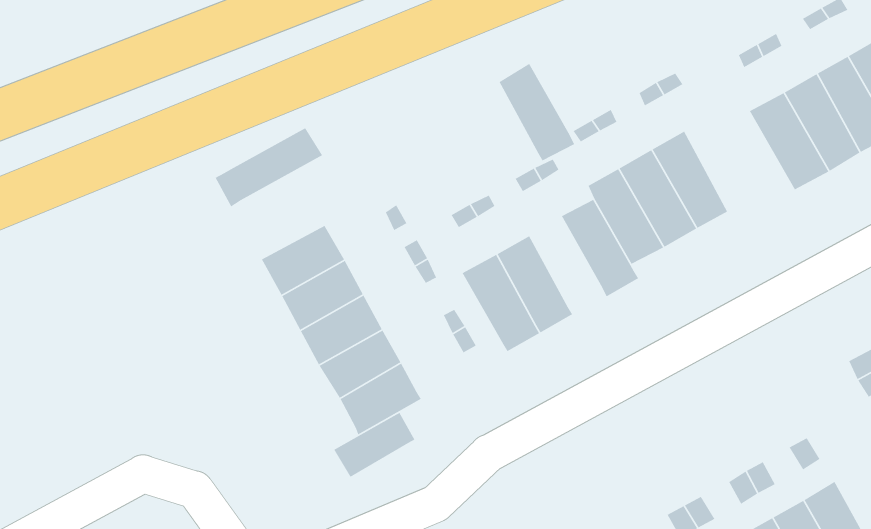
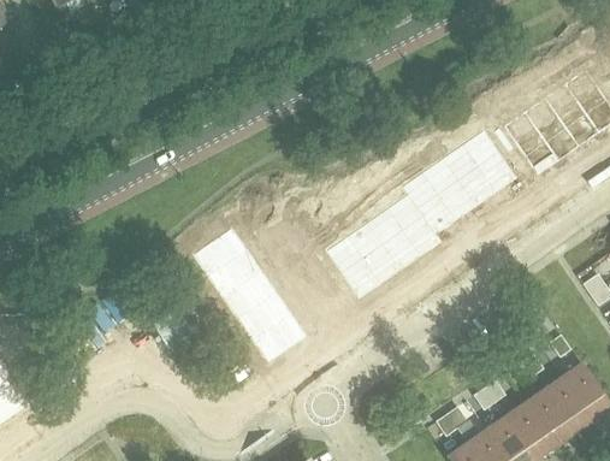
building: [498,63,575,161] -> [367,205,421,268]
building: none -> [462,126,517,191]
building: [215,127,323,207] -> none
building: [333,412,416,478] -> none

